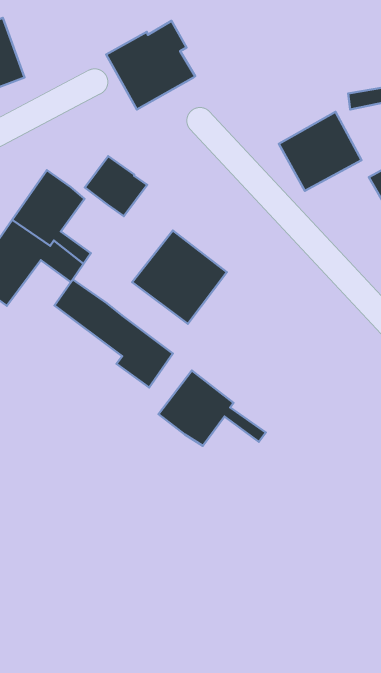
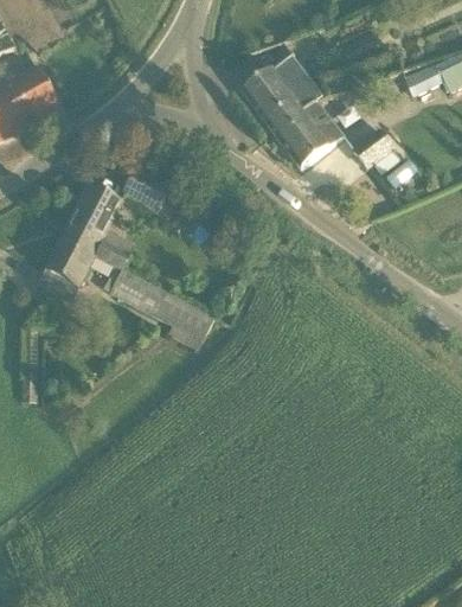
building: [106,21,195,110] -> [244,53,320,130]
building: [132,231,227,324] -> none
building: [158,370,266,446] -> none

